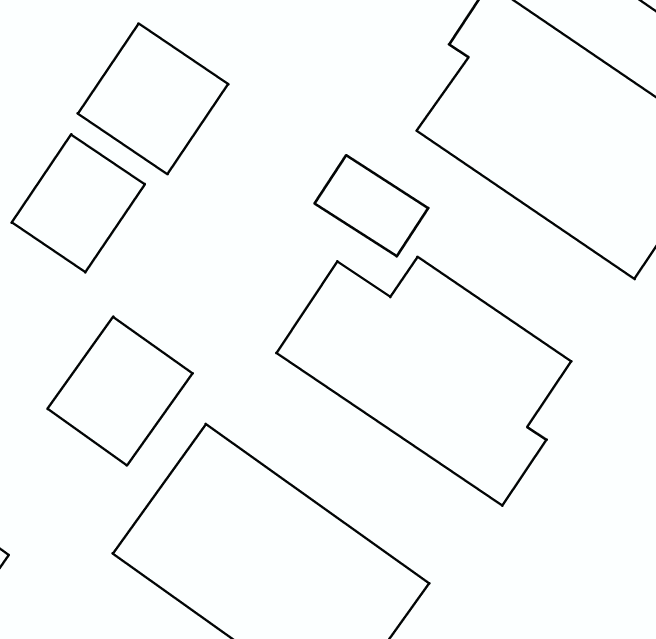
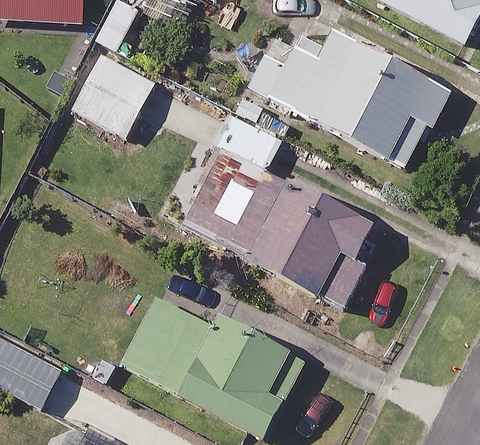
building: [12,134,145,272] -> none
building: [48,317,193,465] -> none

